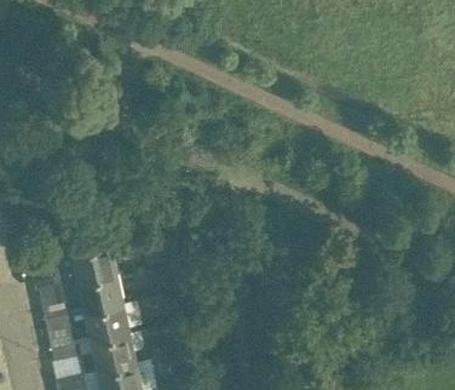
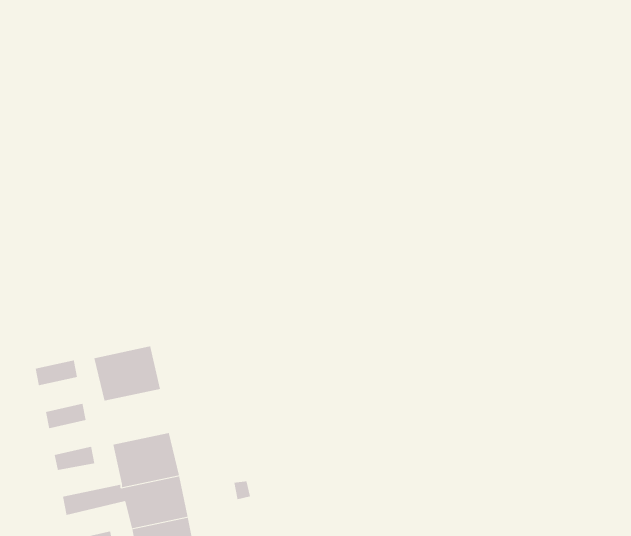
building: [80,277,126,316] -> none

